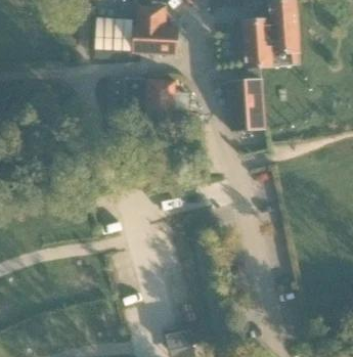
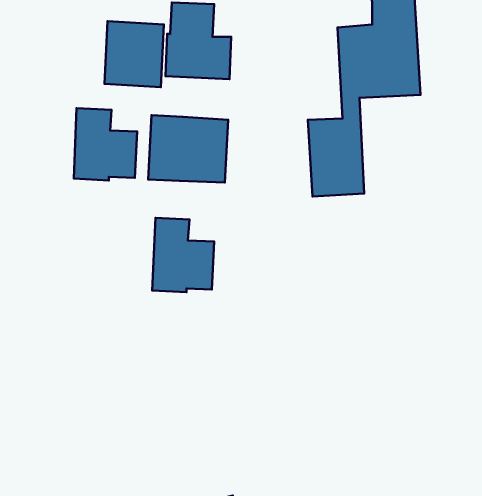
building: none -> [74,108,137,180]
building: none -> [152,218,214,292]

